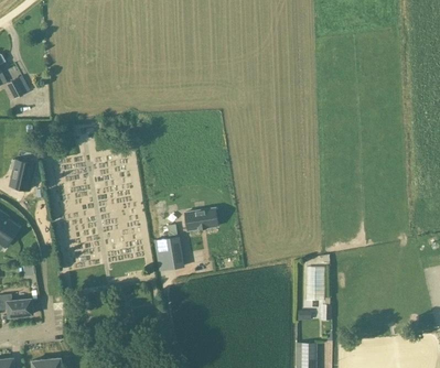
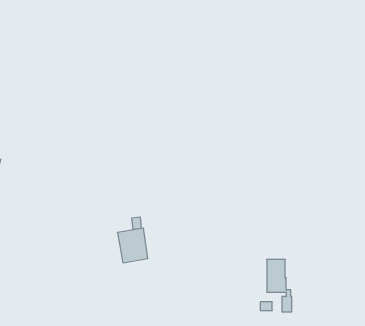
building: [185,208,218,230] -> none

